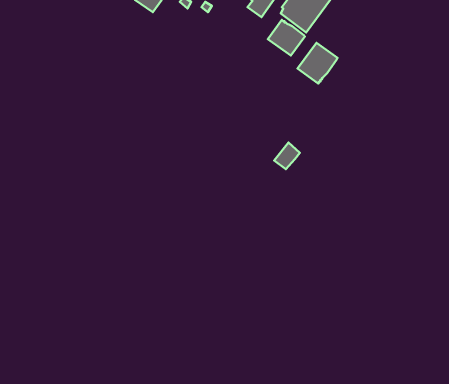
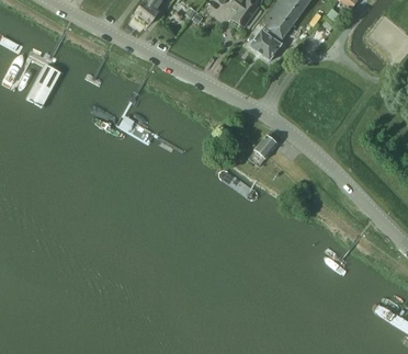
building: [297,43,337,84] -> none

